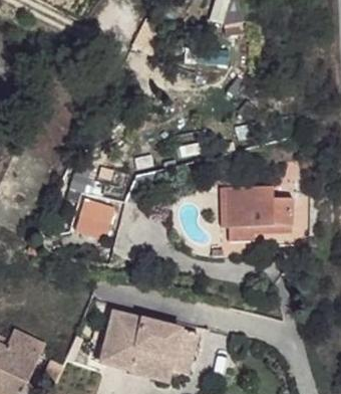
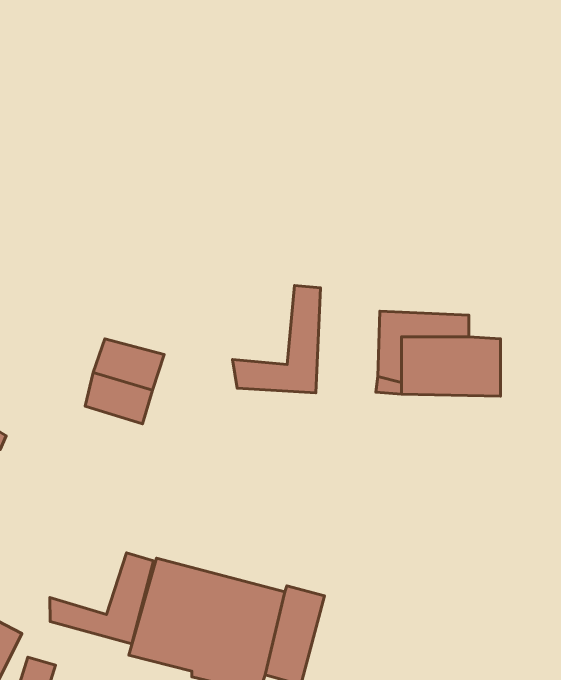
building: none -> [233,286,321,393]
building: none -> [50,553,154,644]

